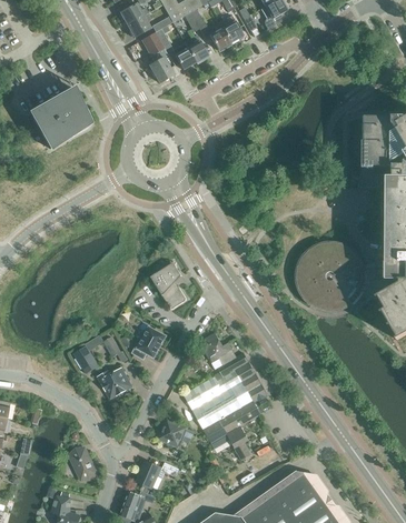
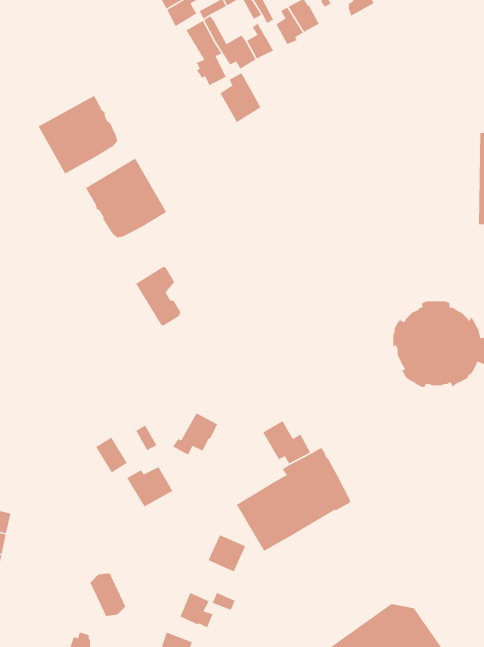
building: none -> [220,72,262,123]
building: none -> [84,157,168,239]
building: [150,263,185,309] -> [135,266,181,326]
building: [199,401,260,462] -> none

